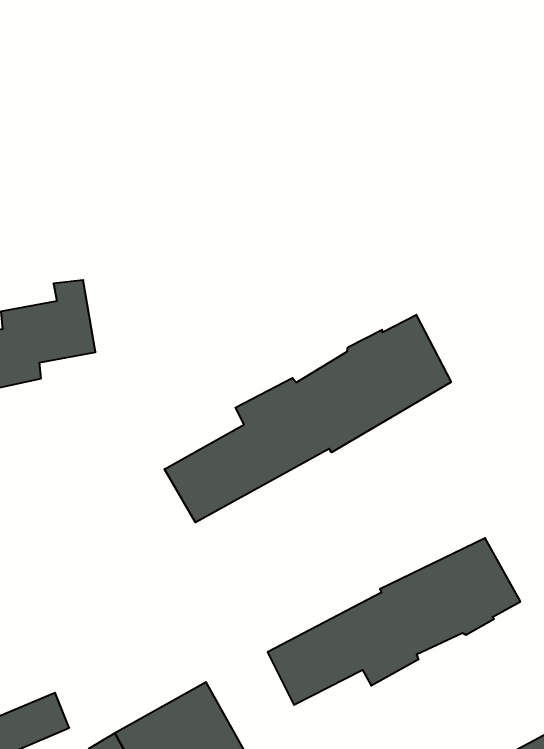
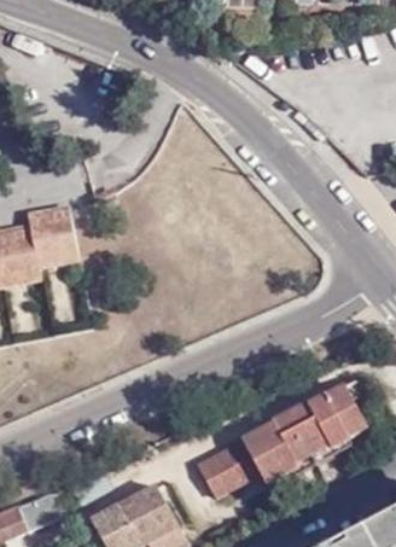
building: [164,315,451,522] -> none

